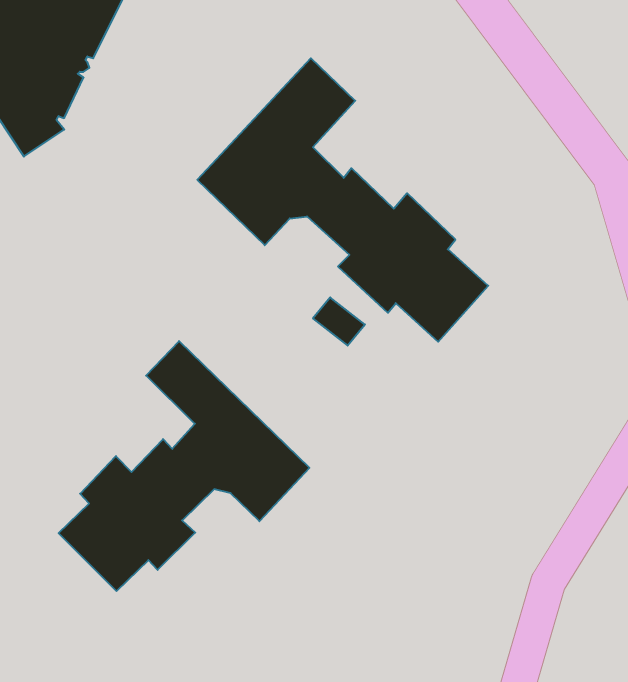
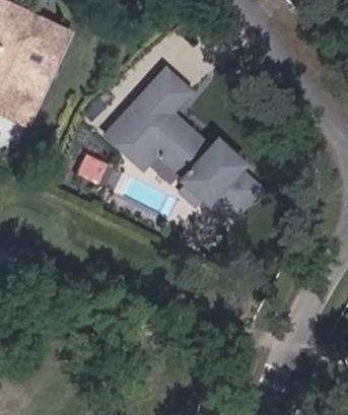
building: [59,341,309,591] -> none

